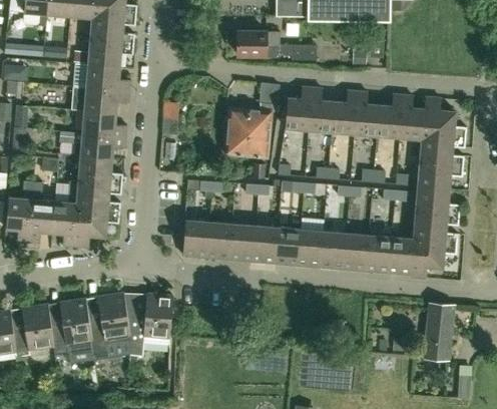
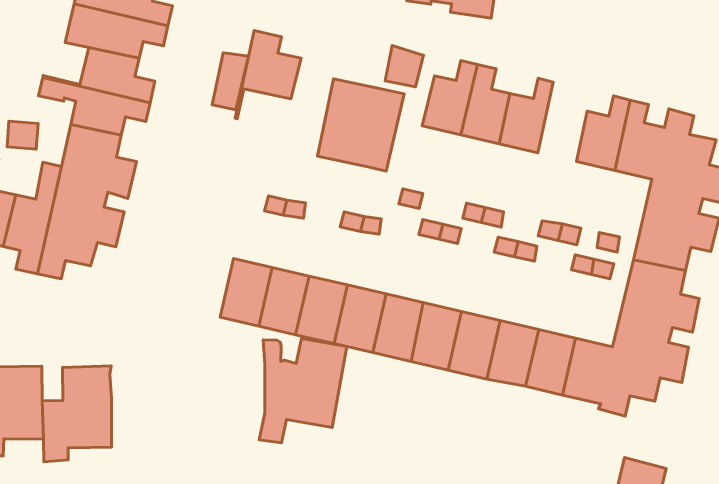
building: none -> [235,31,301,119]
building: [353,91,378,135] -> none
building: [123,293,172,355] -> [259,338,347,443]

